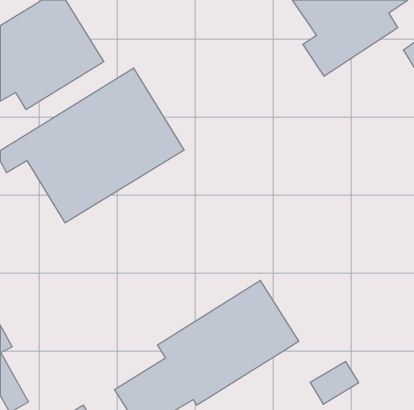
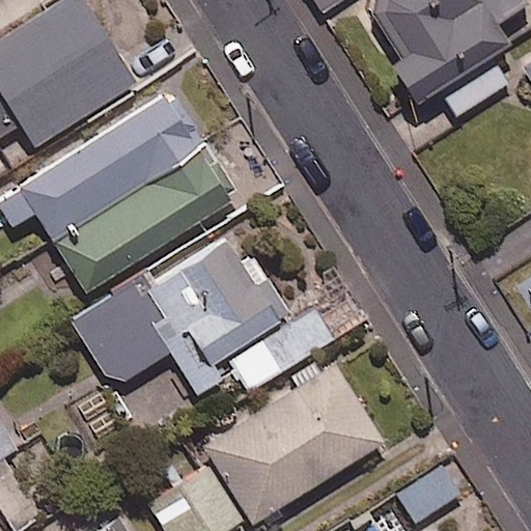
building: none -> [77,233,333,394]

